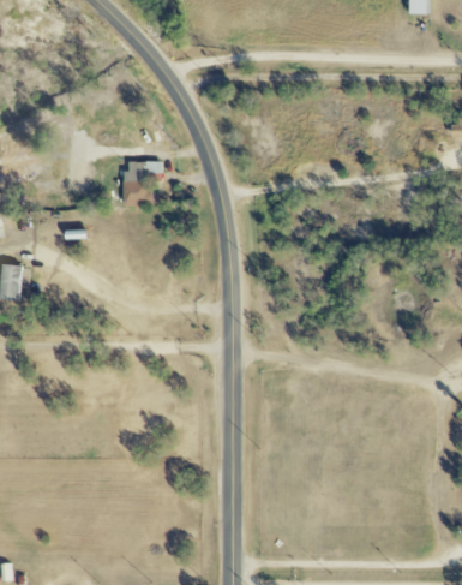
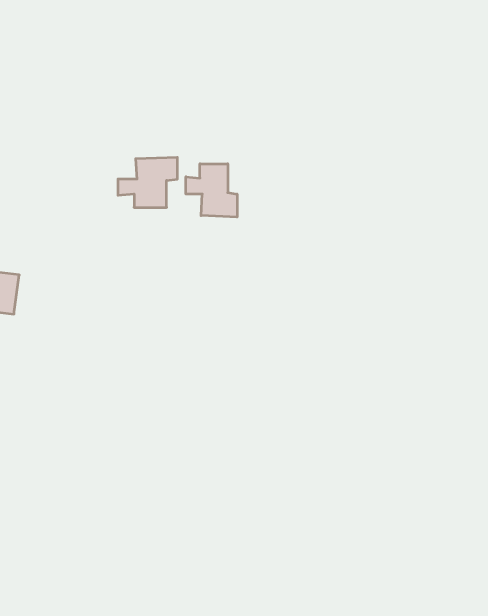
building: none -> [186,164,237,217]

